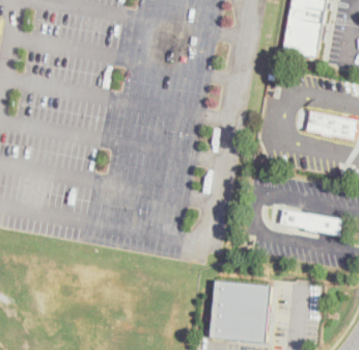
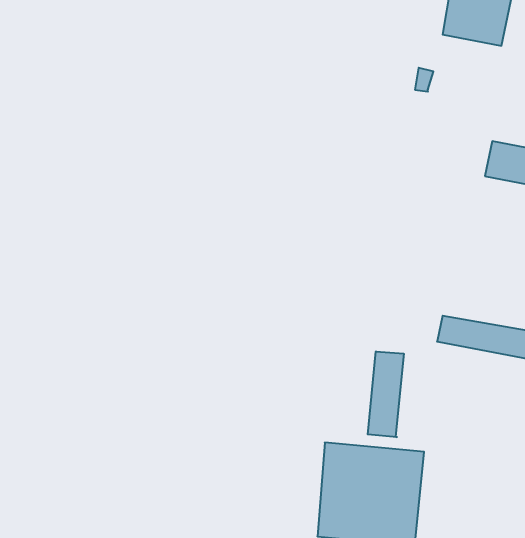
building: none -> [368,351,404,437]

